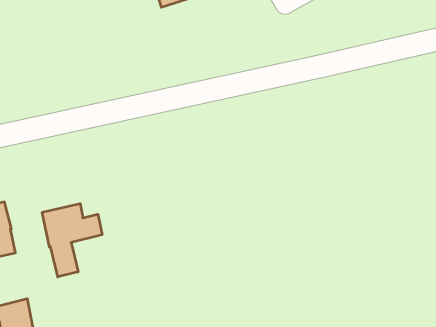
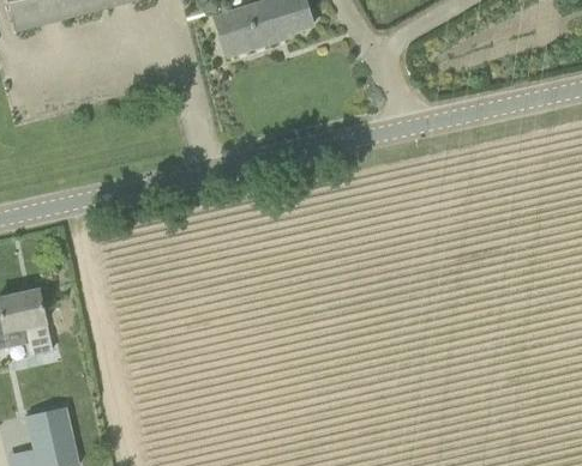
building: [42,204,102,277] -> none

